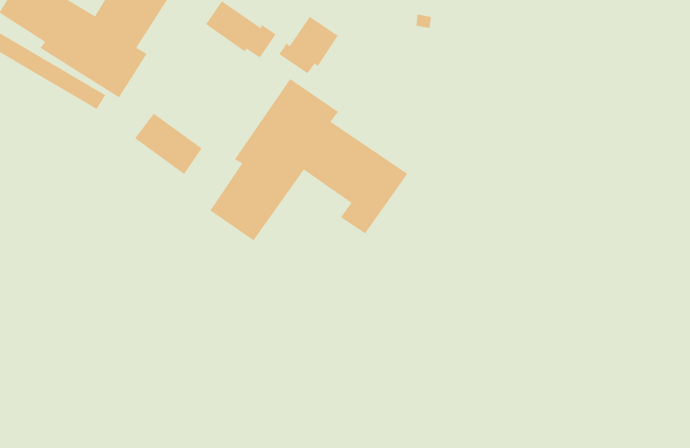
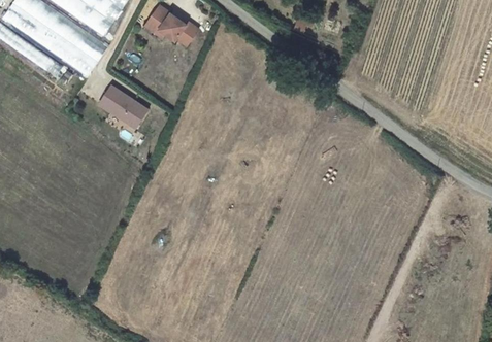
building: [279,16,339,74] -> none
building: [210,78,408,241] -> none

